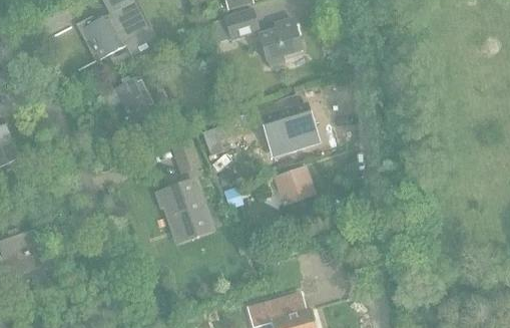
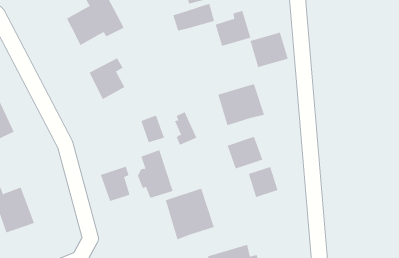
building: none -> [250,32,288,68]
building: none -> [100,166,130,202]
building: none -> [248,166,278,198]
building: none -> [165,188,215,240]

